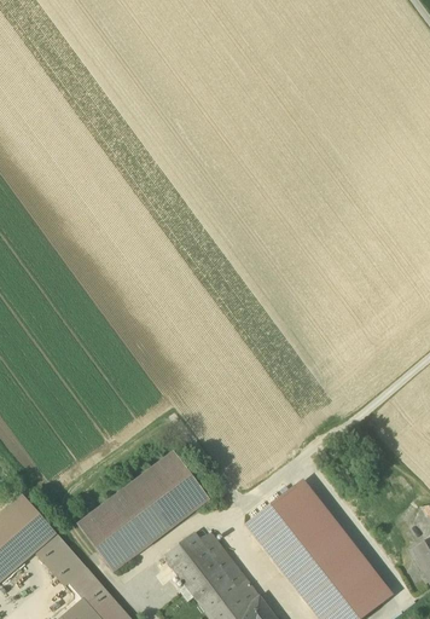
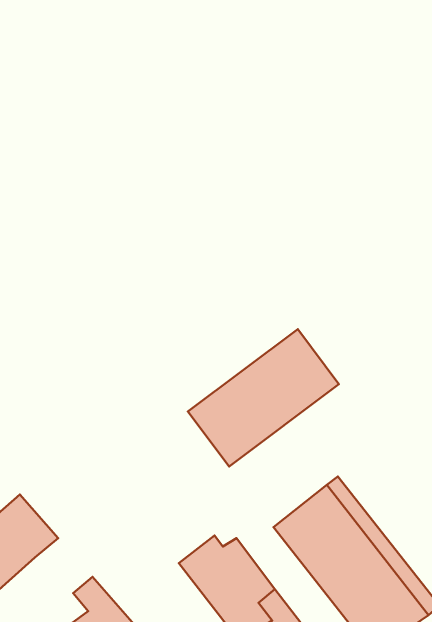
building: [76,451,209,572] -> [188,329,339,466]
building: [35,534,86,586] -> none

